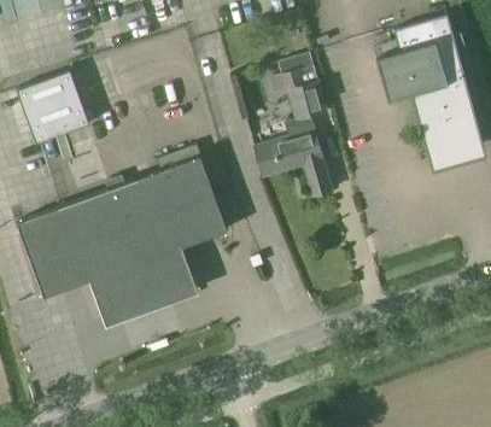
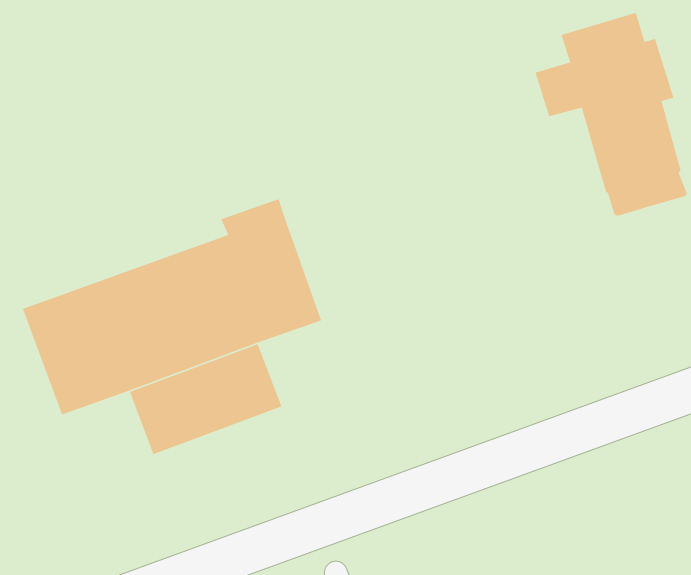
building: [253,55,331,199] -> none
building: [16,72,89,146] -> none

